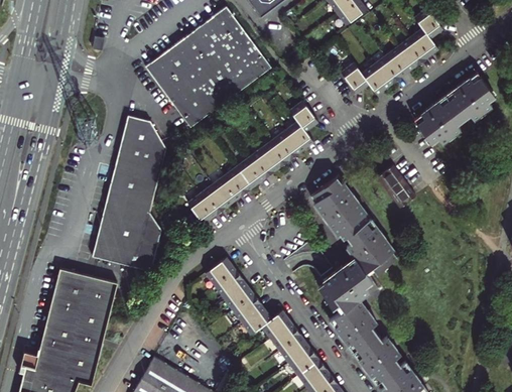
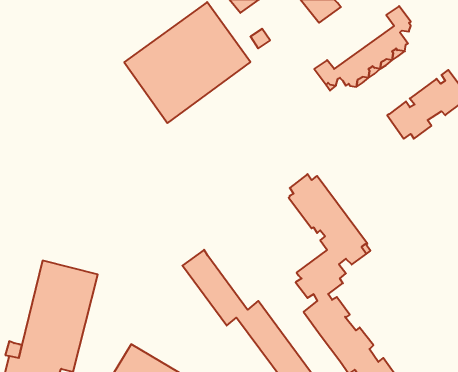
building: [185,101,316,230] -> none
building: [96,116,171,271] -> none
building: [375,166,414,209] -> none

